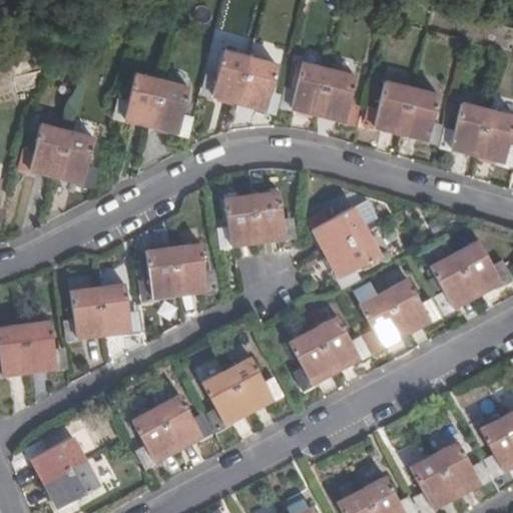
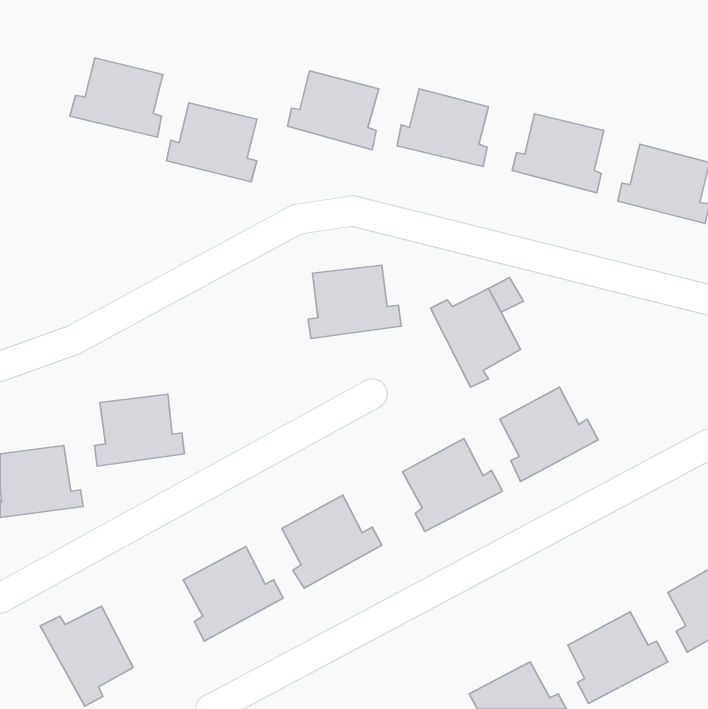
building: [24,126,91,183] -> [70,58,163,137]
building: [432,240,505,310] -> none
building: [144,242,210,296] -> none

